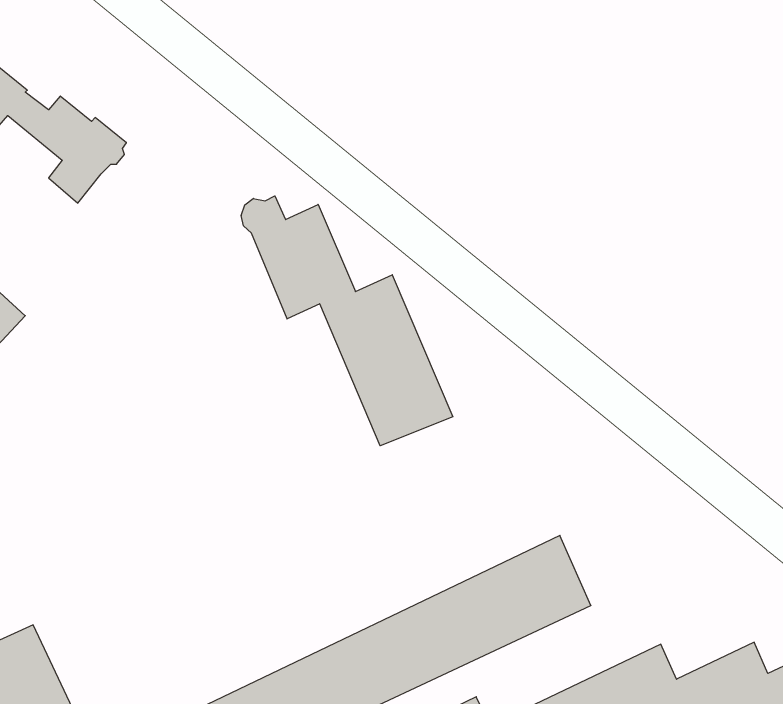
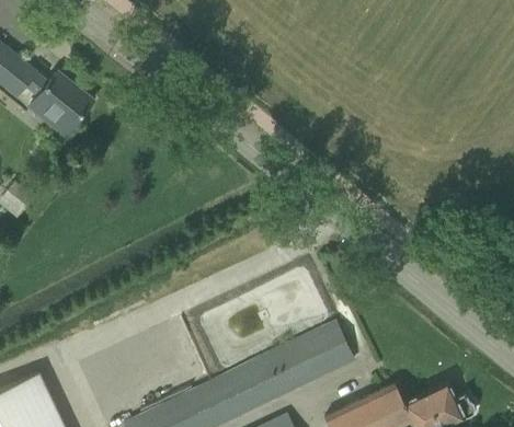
building: [241,196,453,446] -> none

